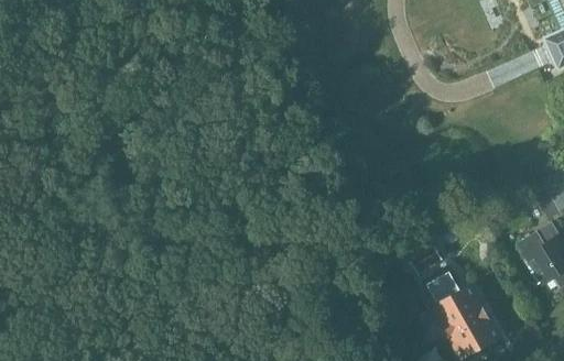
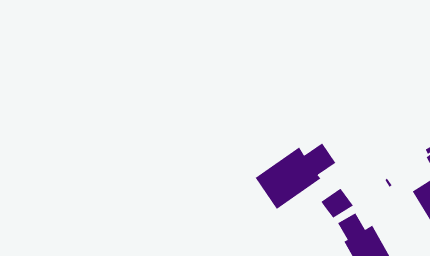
building: none -> [255,143,336,210]

